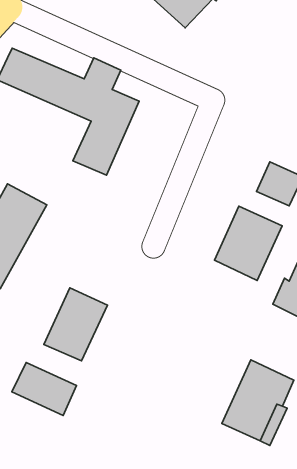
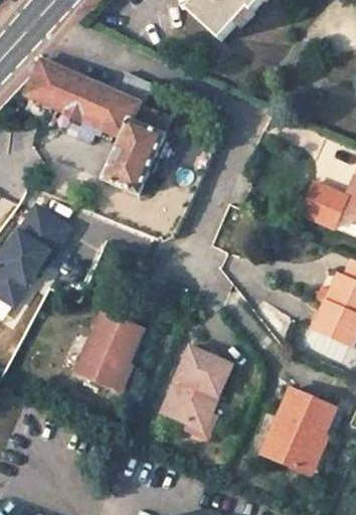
building: [215,206,282,280] -> none
building: none -> [158,346,229,434]
building: [12,363,77,415] -> none

